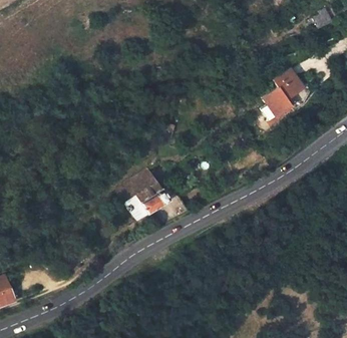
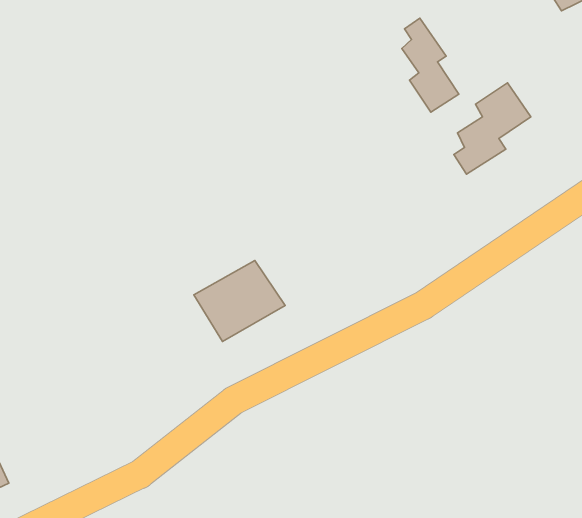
building: none -> [402,18,459,112]

